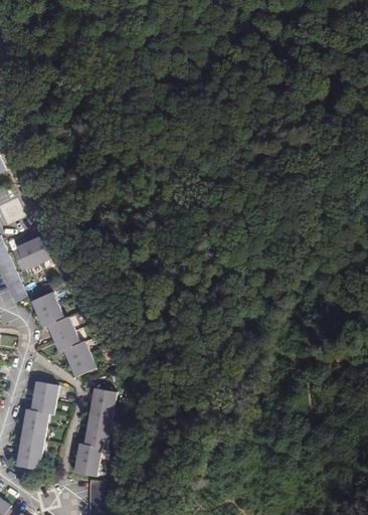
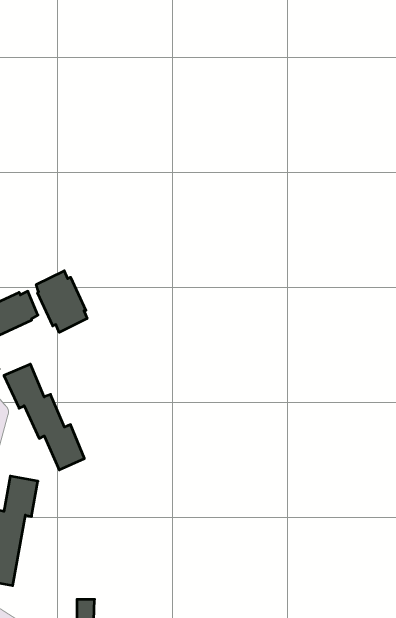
building: none -> [36,271,87,332]
building: [74,387,117,476] -> none

